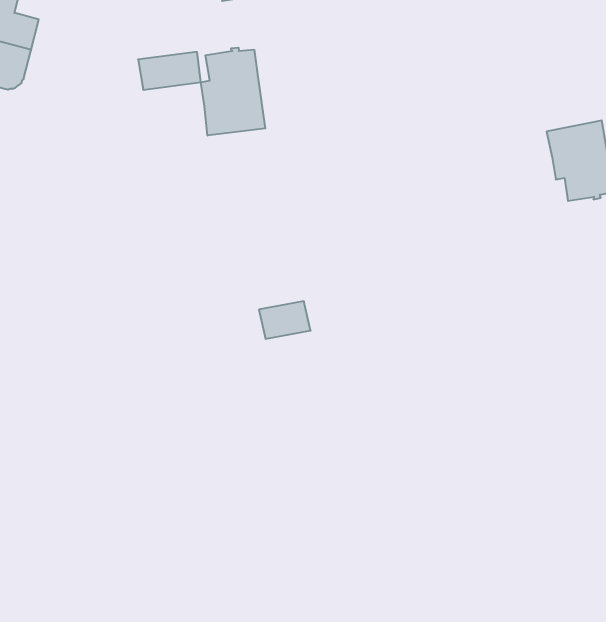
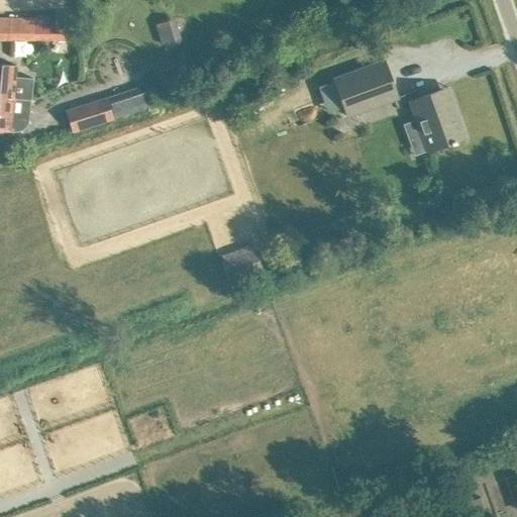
building: [201,48,265,136] -> none
building: none -> [65,99,109,130]
building: none -> [329,61,395,118]

